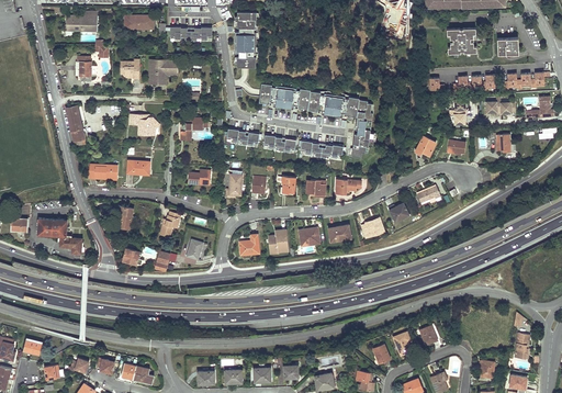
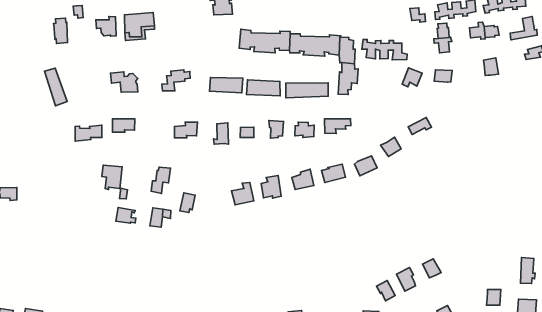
building: none -> [362,39,407,60]
building: [36,218,81,255] -> none

